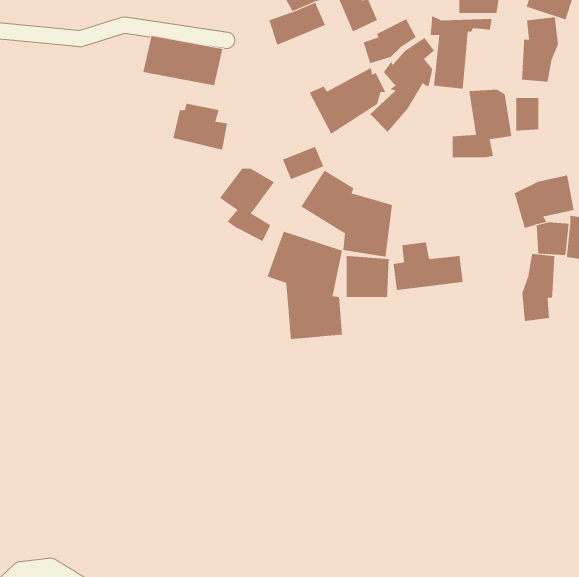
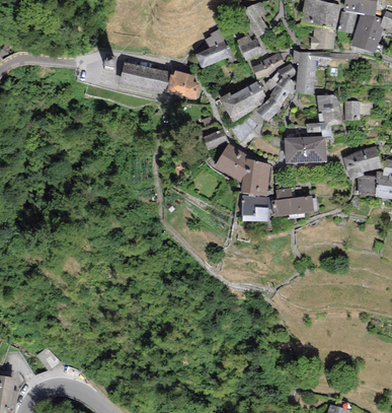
building: [521,17,558,83] -> none
building: [172,103,228,150] -> [166,70,200,98]
building: none -> [284,136,326,162]
building: [219,168,275,242] -> none
building: [267,231,343,340] -> none
building: [522,253,555,322] -> none

